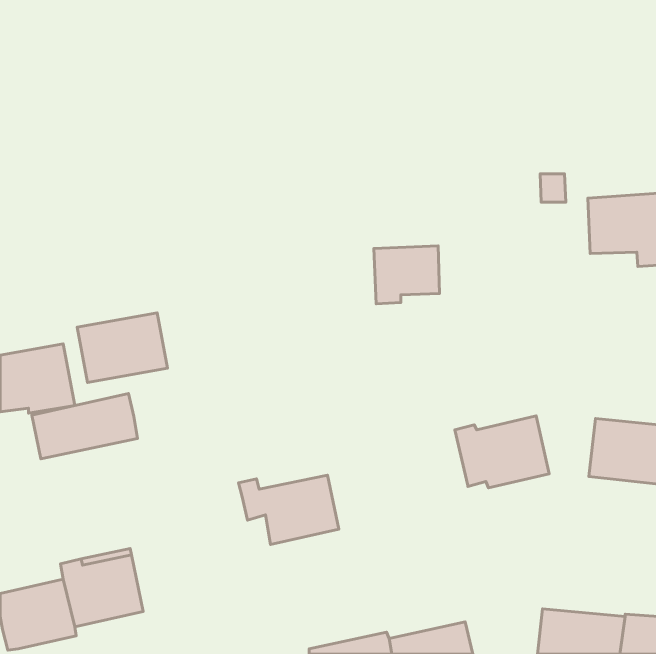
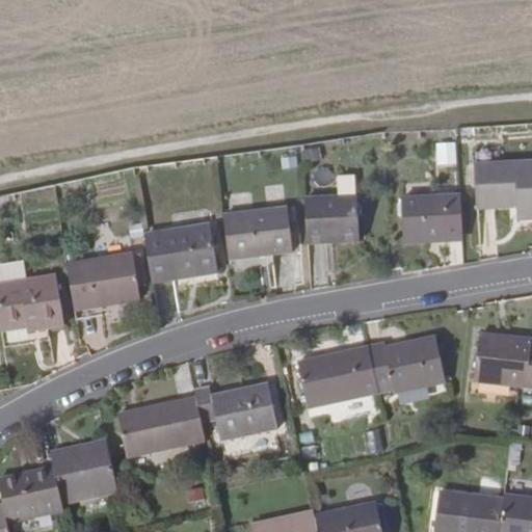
building: none -> [402,197,460,244]
building: none -> [221,205,290,258]
building: none -> [142,225,214,282]
building: [32,393,138,459] -> [119,401,205,454]
building: none -> [300,347,379,406]

